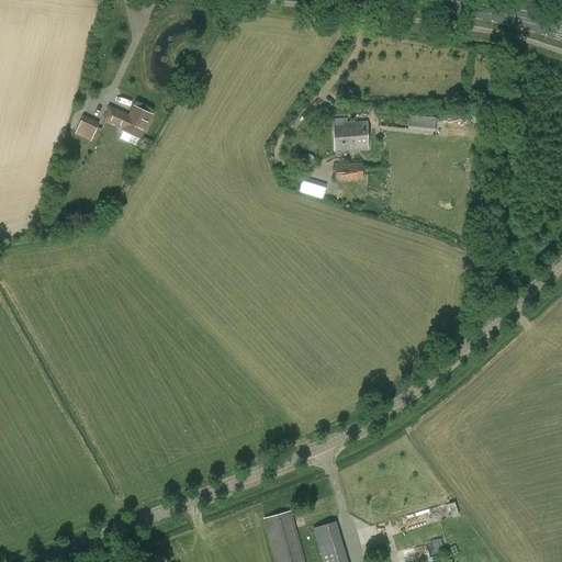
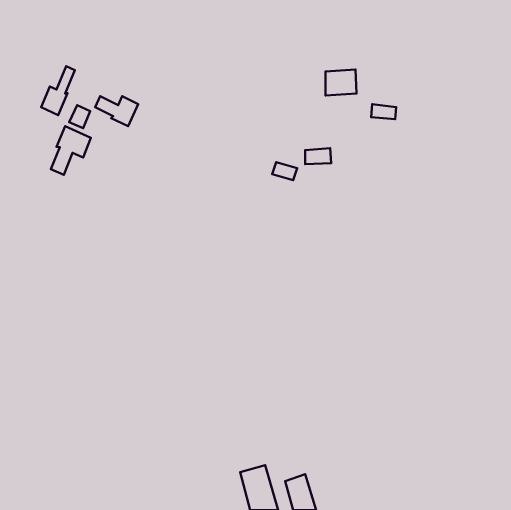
building: none -> [41,66,75,115]
building: [334,122,368,150] -> [325,70,356,96]
building: none -> [51,126,91,175]

